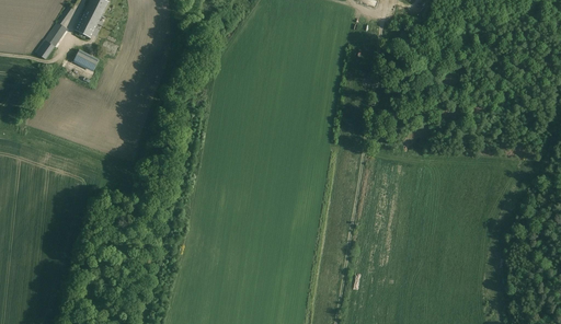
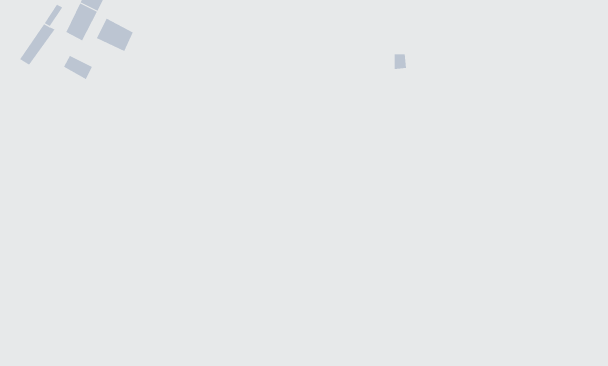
building: none -> [96,18,134,52]

